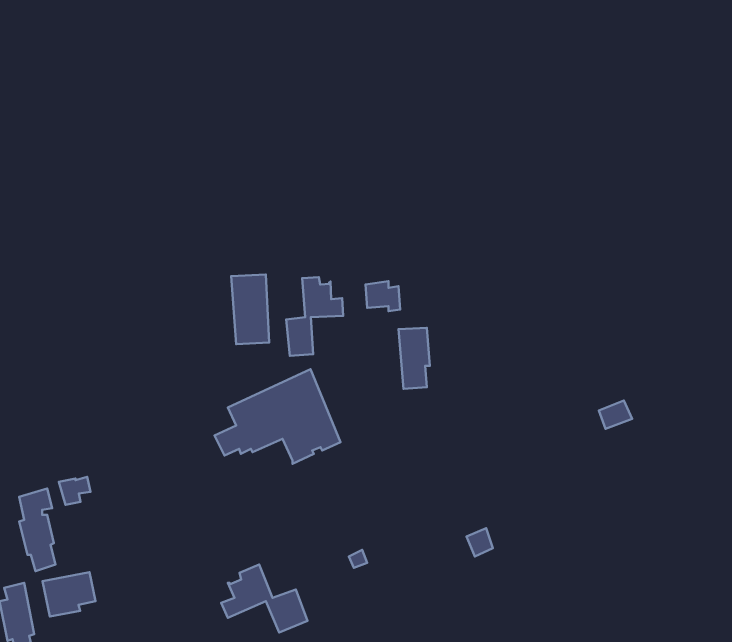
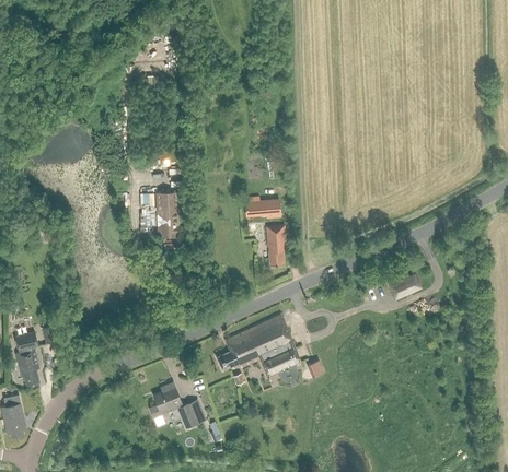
building: [286,277,343,356] -> none
building: [214,369,340,464] -> [216,314,299,376]
building: [43,572,95,617] -> none

